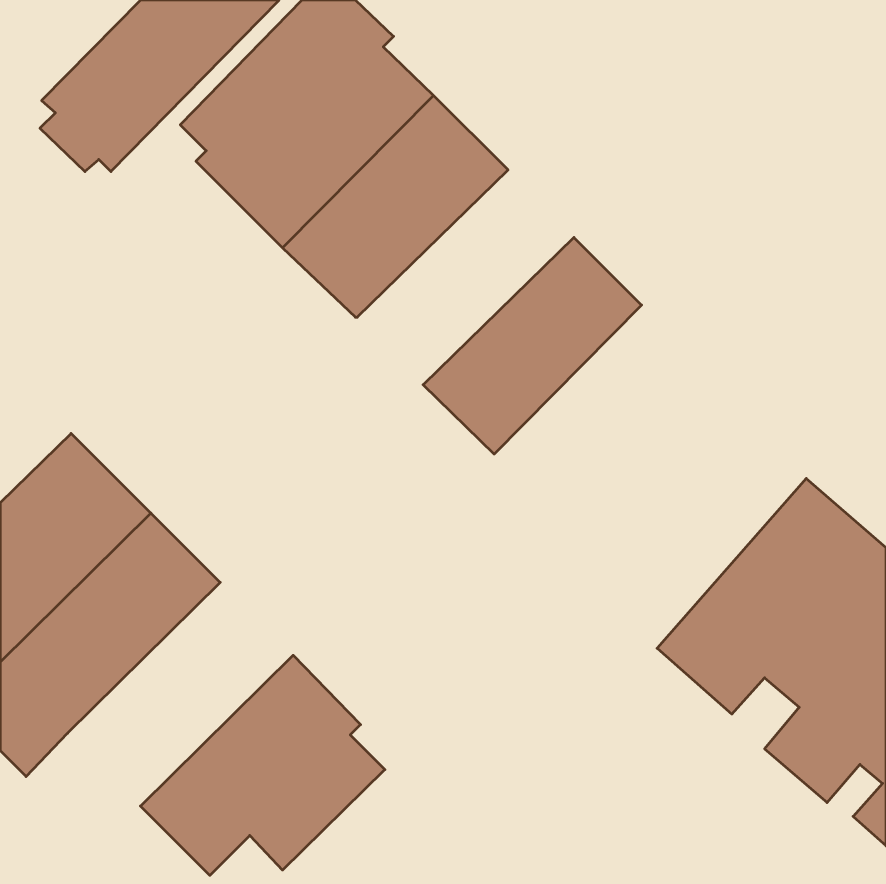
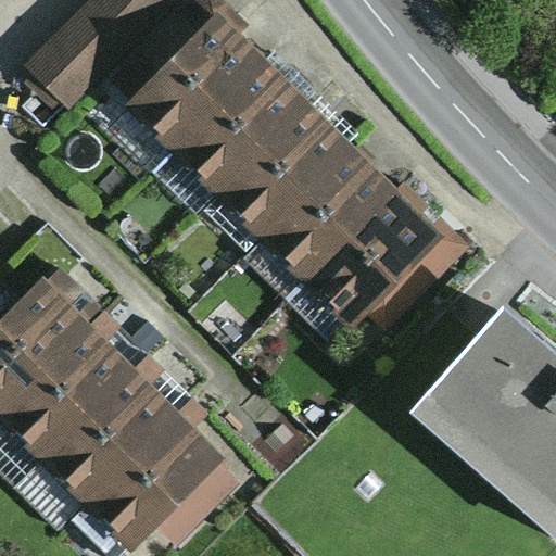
building: none -> [223,108,359,242]
building: none -> [309,192,471,332]
building: none -> [42,366,184,506]

